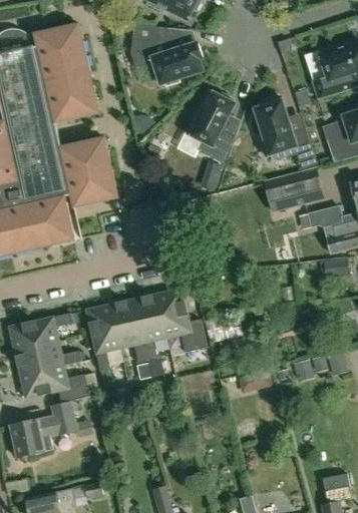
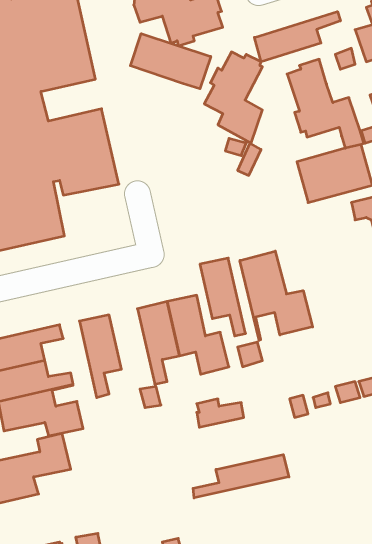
building: none -> [254,12,340,62]
building: none -> [130,34,211,89]
building: none -> [240,251,313,340]
building: [109,299,146,362] -> [200,258,246,336]
building: none -> [193,455,289,498]

